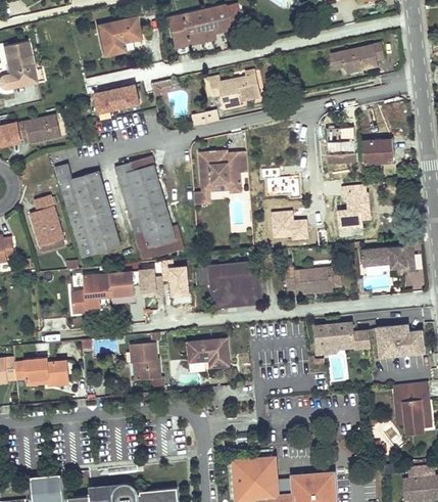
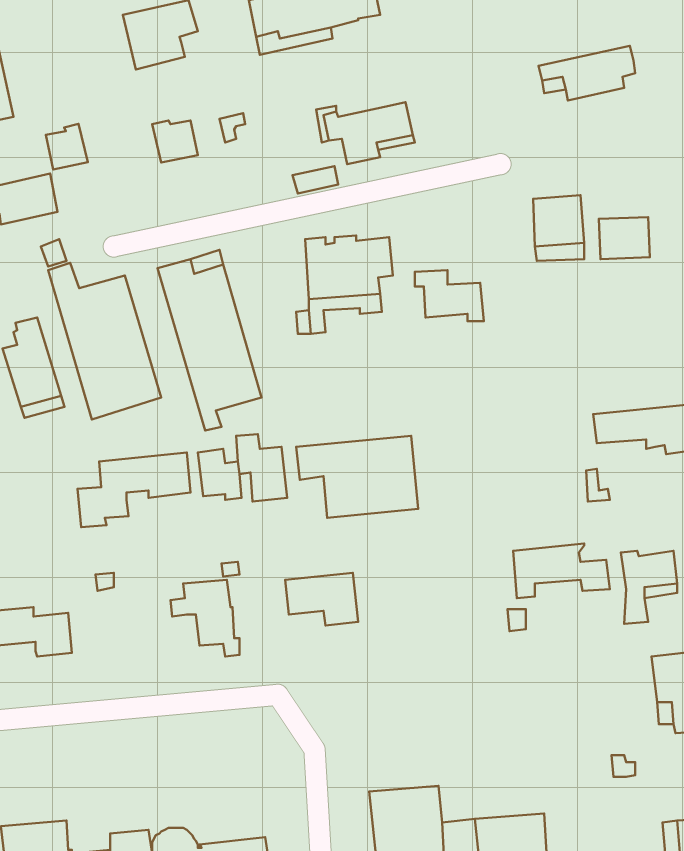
building: [95,87,118,112] -> [46,124,88,169]
building: [338,186,369,229] -> none
building: [271,211,307,239] -> none
building: [149,224,183,257] -> none
building: [284,268,332,293] -> none

